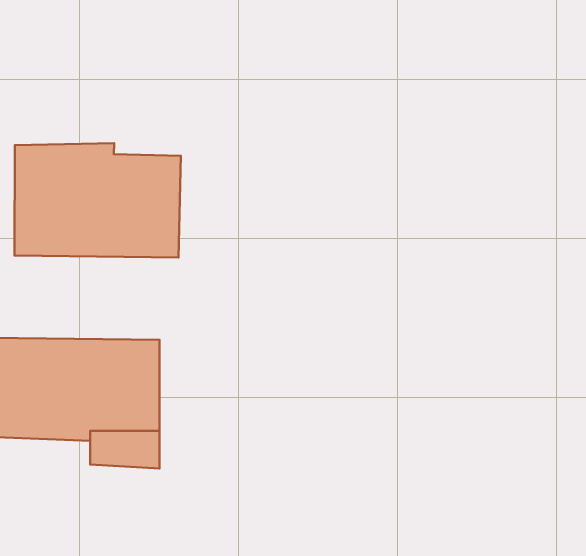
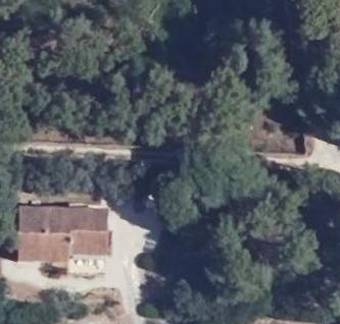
building: [14,143,181,257] -> none

